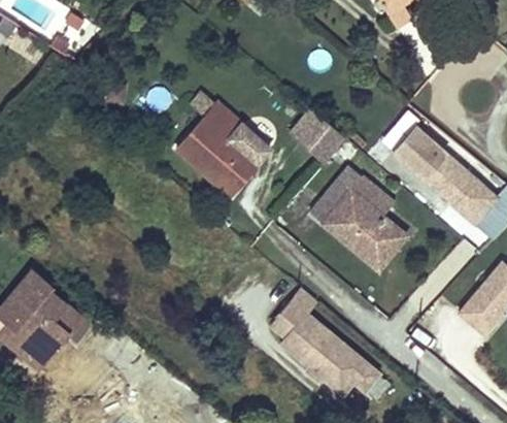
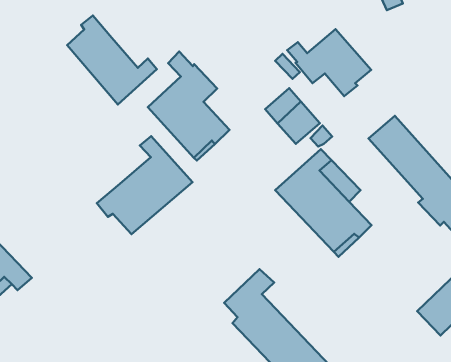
building: none -> [287,29,371,96]
building: none -> [67,15,157,104]
building: none -> [97,136,192,234]

